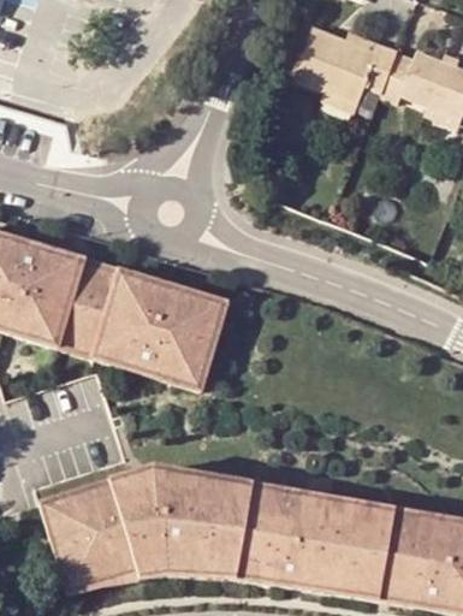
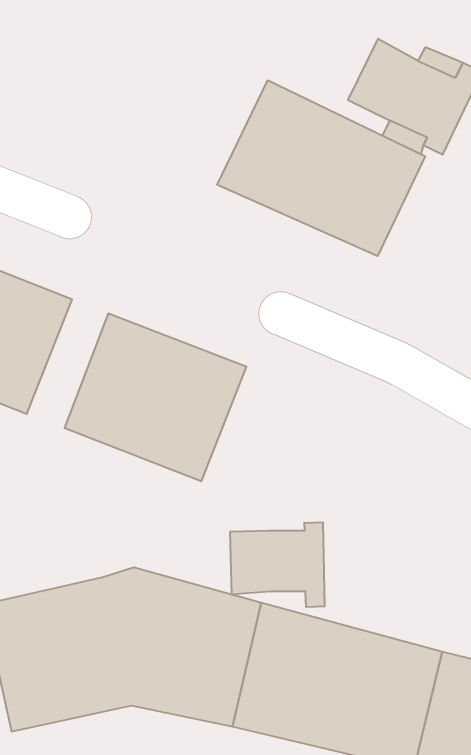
building: none -> [217,80,425,256]
building: [64,257,120,357] -> none
building: none -> [230,522,324,607]

